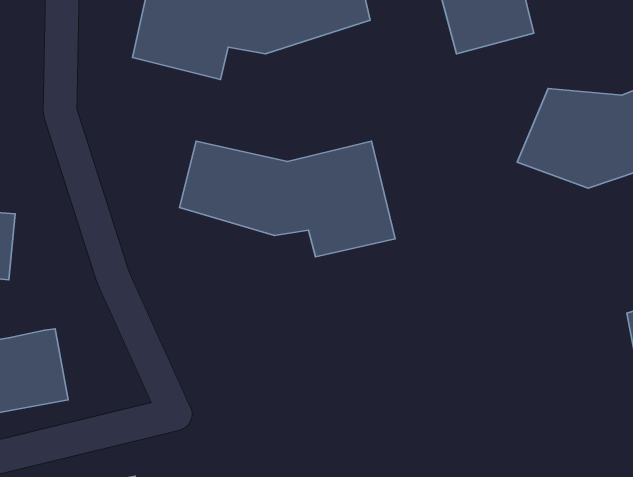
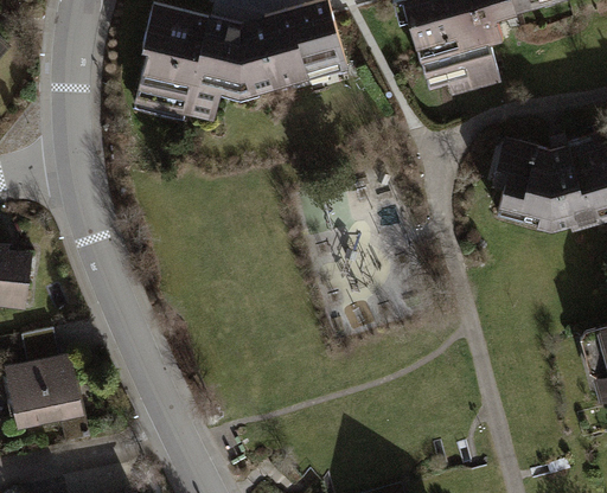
building: [180,141,395,257] -> none

